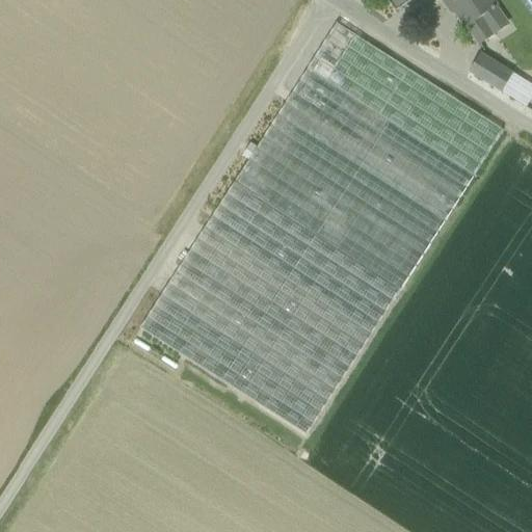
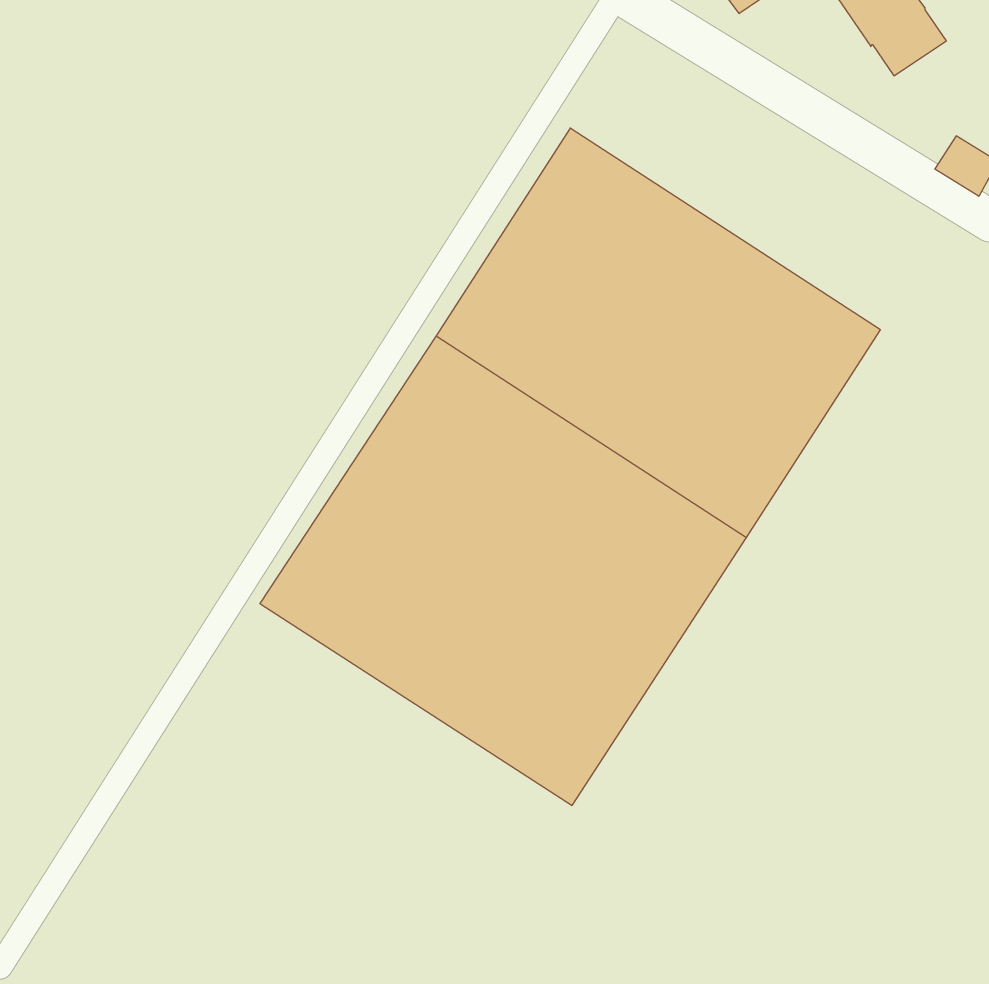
building: [307,22,503,177] -> none
building: [471,53,513,90] -> none

